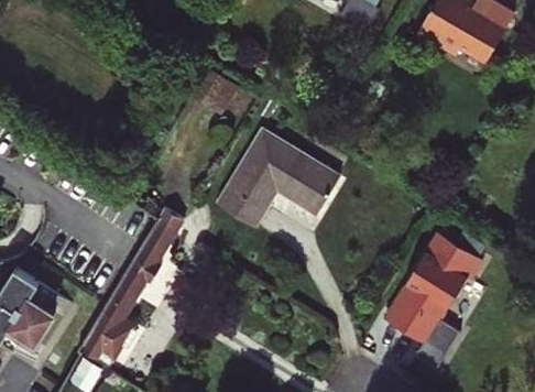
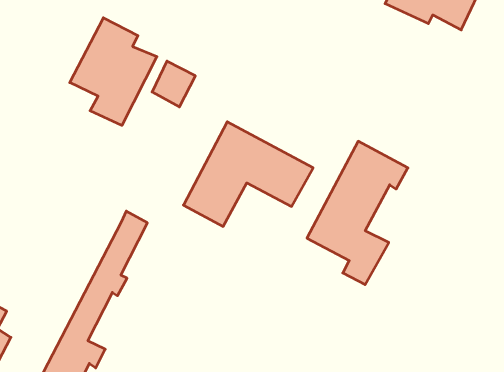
building: none -> [70,18,157,125]
building: [386,235,483,367] -> [307,141,408,285]

